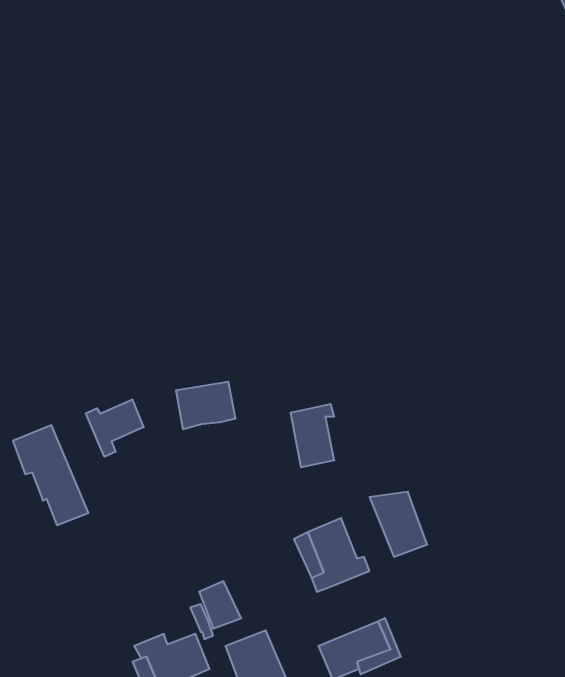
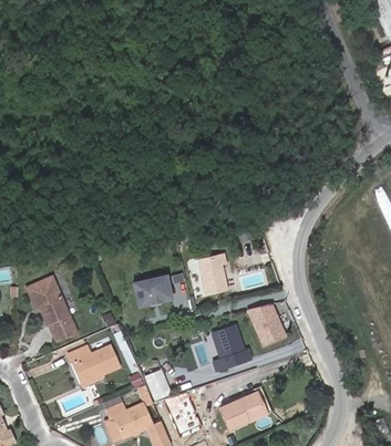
building: [176,382,236,429] -> [137,279,175,309]
building: [86,399,144,457] -> none
building: none -> [69,343,121,382]

